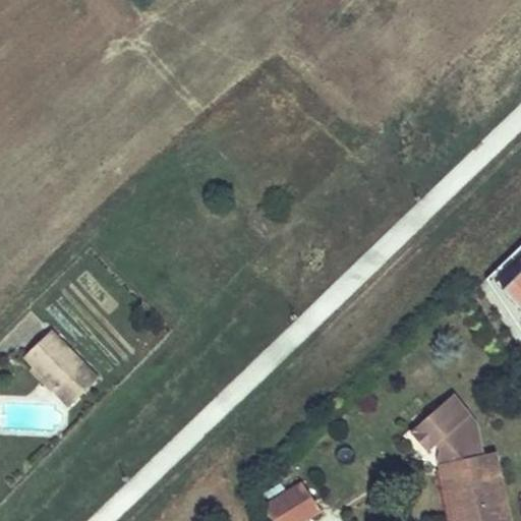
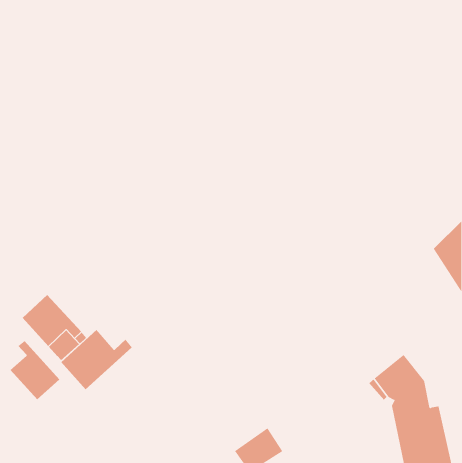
building: none -> [60,329,133,390]
building: none -> [9,340,60,400]

